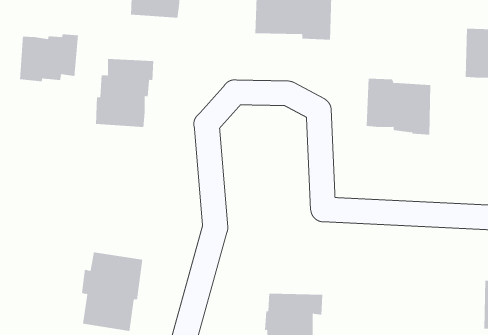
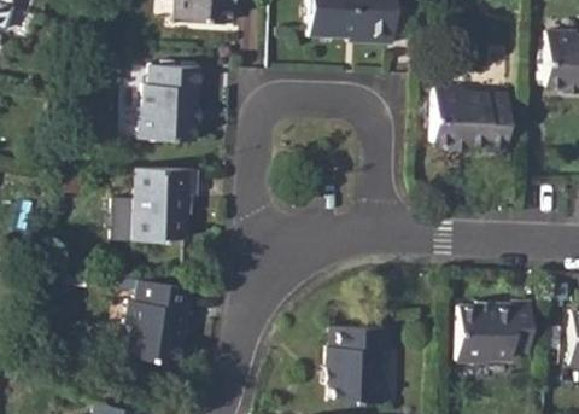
building: [20,33,78,82] -> none
building: none -> [129,169,195,244]
building: none -> [452,303,527,362]

